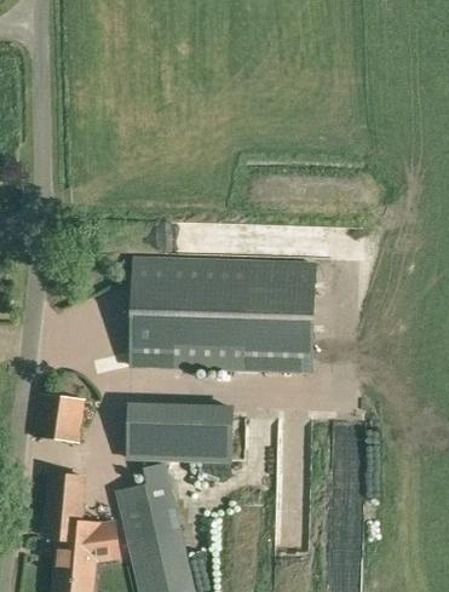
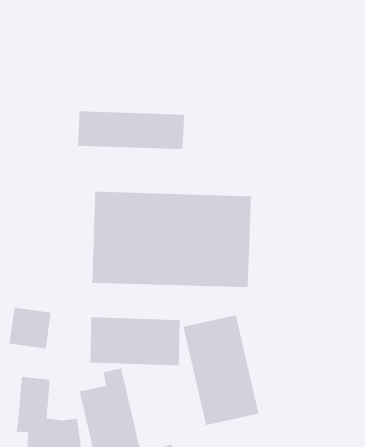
building: none -> [77,111,185,150]
building: none -> [183,314,259,426]

